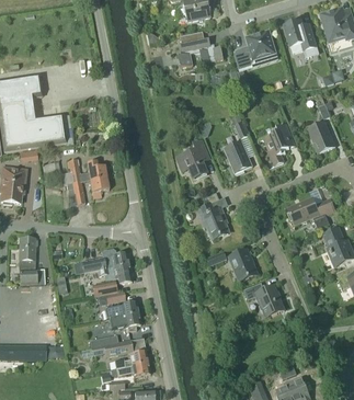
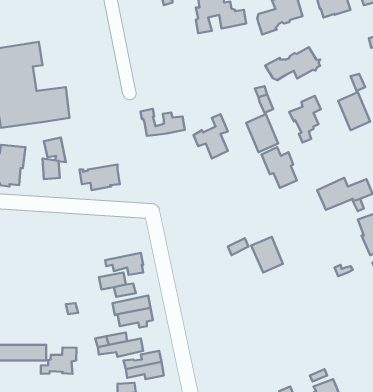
building: none -> [265,47,320,80]
building: [67,158,106,182] -> [141,109,185,136]
building: [196,202,228,238] -> [261,147,297,188]
building: [19,237,45,284] -> none
building: [81,249,129,272] -> none
building: [243,282,284,317] -> none
building: none -> [41,348,76,374]

